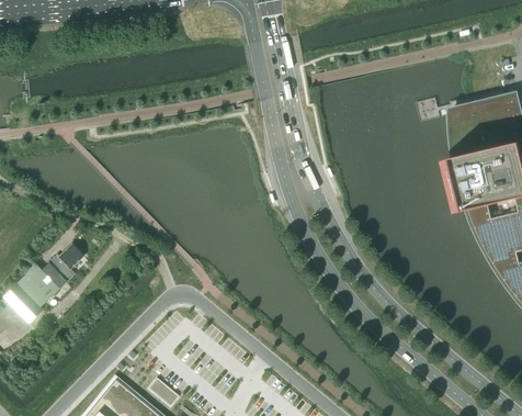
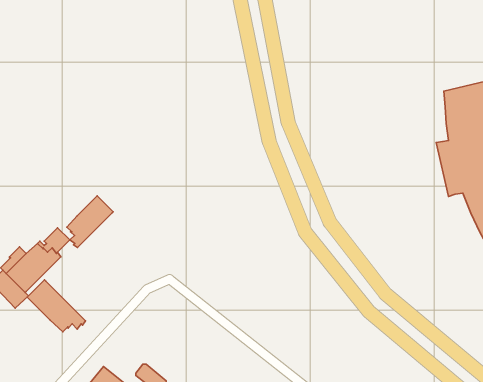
building: none -> [67,196,113,247]
building: none -> [27,280,85,332]

